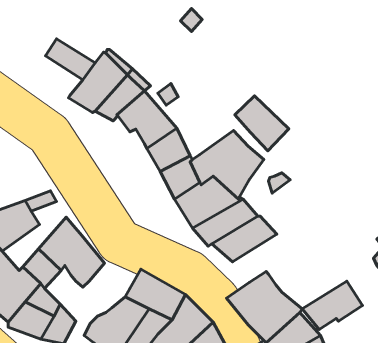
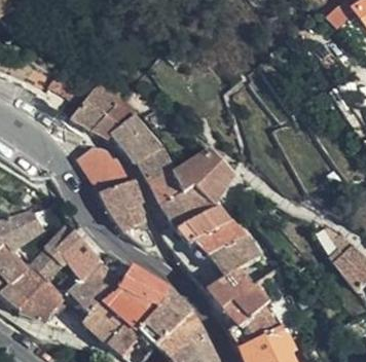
building: [235,96,289,151] -> none
building: none -> [78,143,157,247]
building: none -> [68,260,122,312]
building: [302,281,363,329] -> [210,236,261,277]

